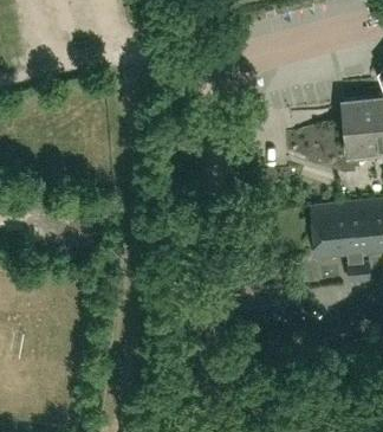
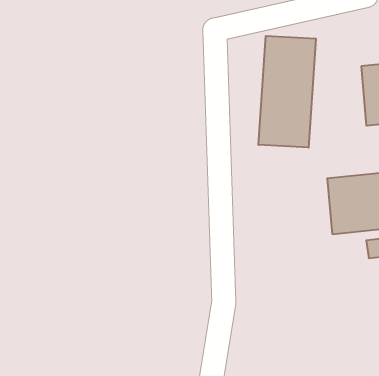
building: none -> [258,36,316,148]

